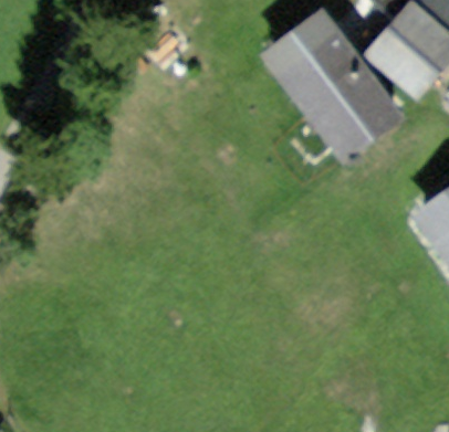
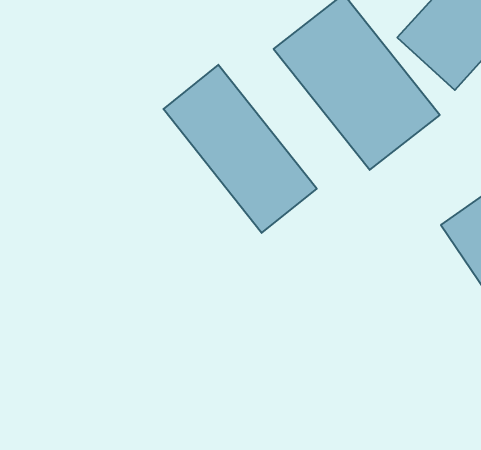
building: none -> [163,65,317,233]

